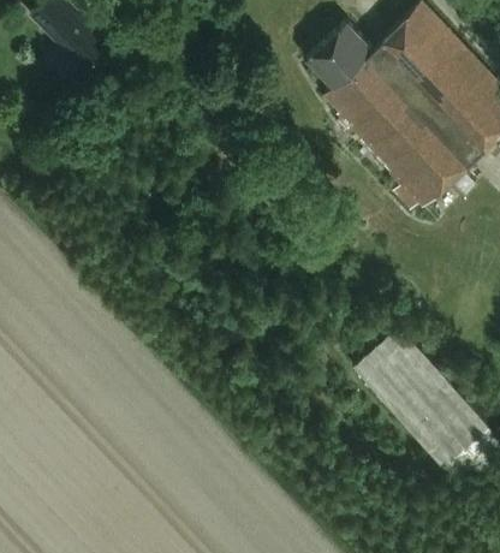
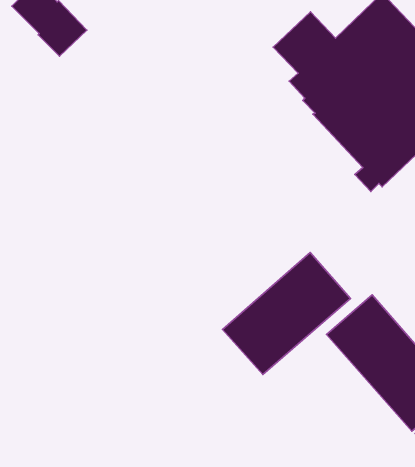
building: none -> [223,252,350,374]

